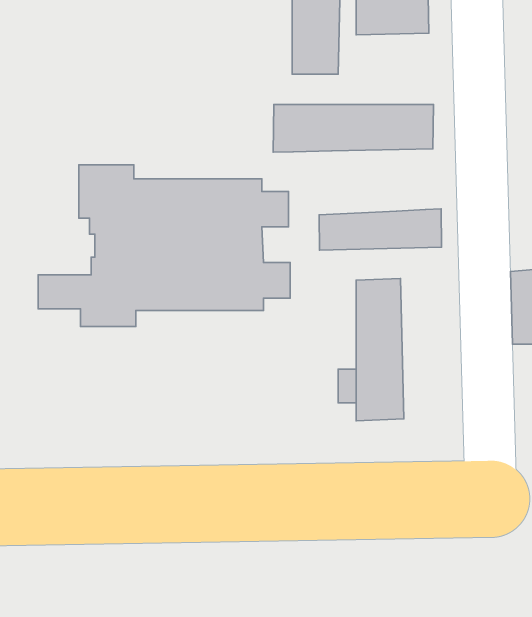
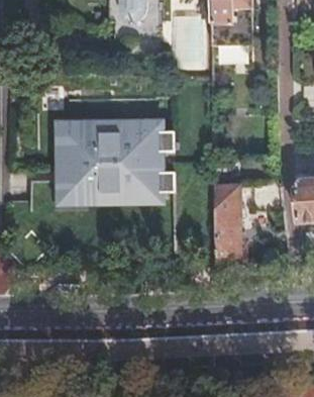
building: [273,105,433,152] -> none
building: [319,209,442,250] -> none

